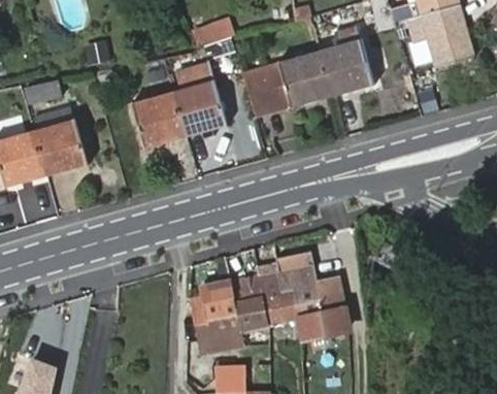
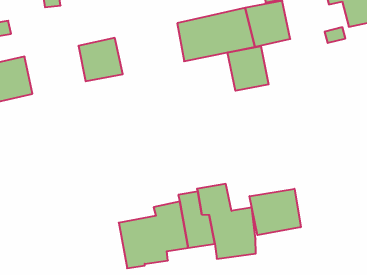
building: [174,63,225,133] -> none
building: none -> [228,46,269,91]
building: none -> [250,189,301,235]

